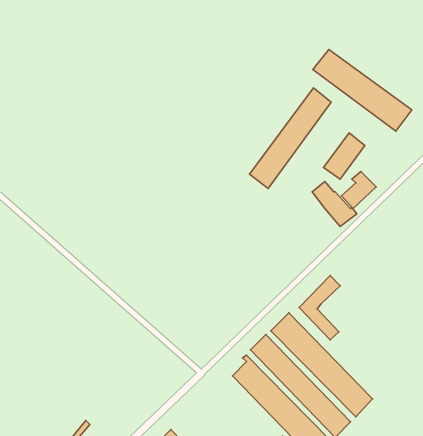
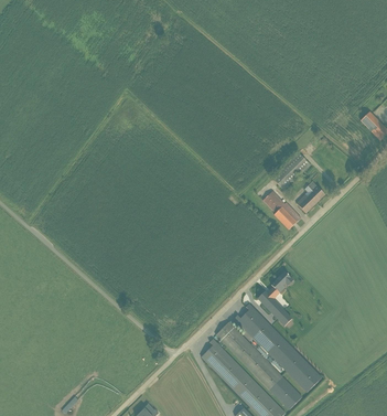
building: [313,50,412,131] -> none
building: [249,88,331,188] -> none

